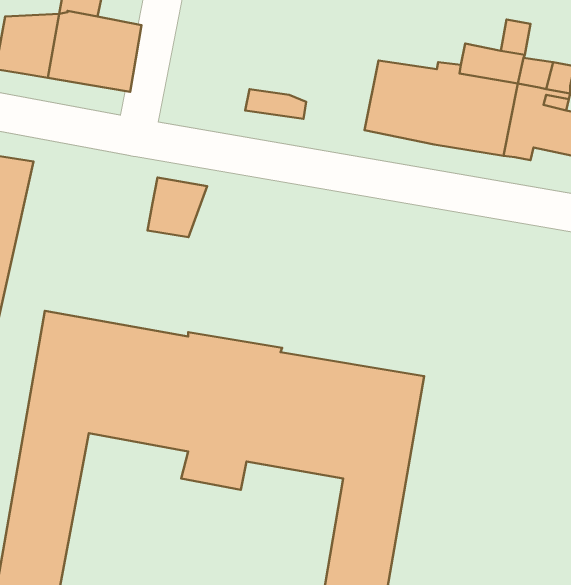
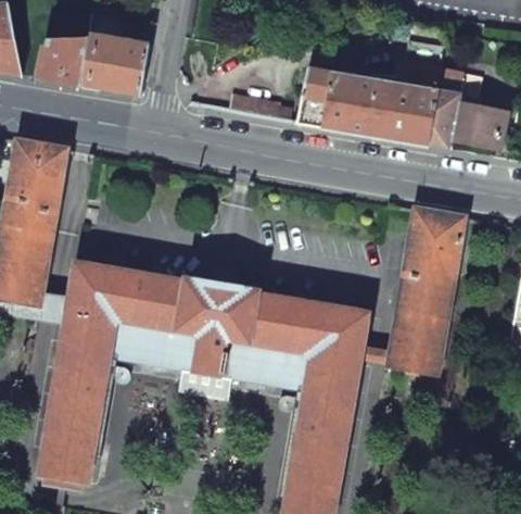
building: none -> [297,66,332,124]
building: [147,177,207,237] -> none
building: none -> [391,208,466,374]

